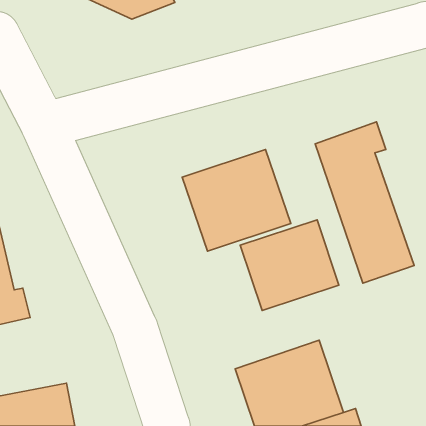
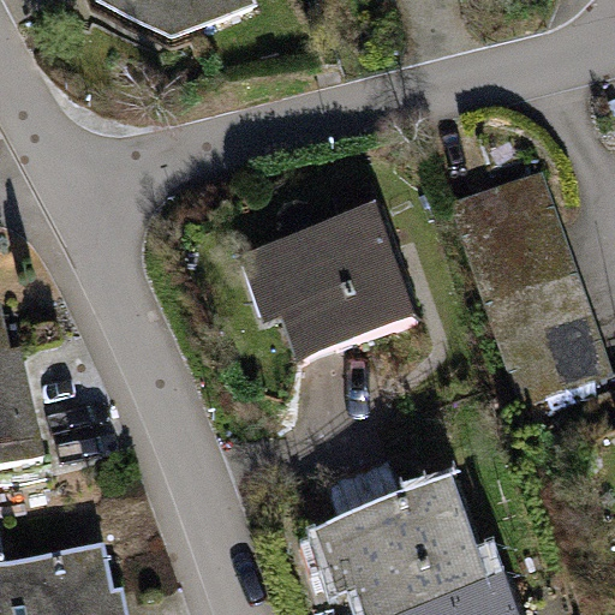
building: [240,220,339,310] -> none

